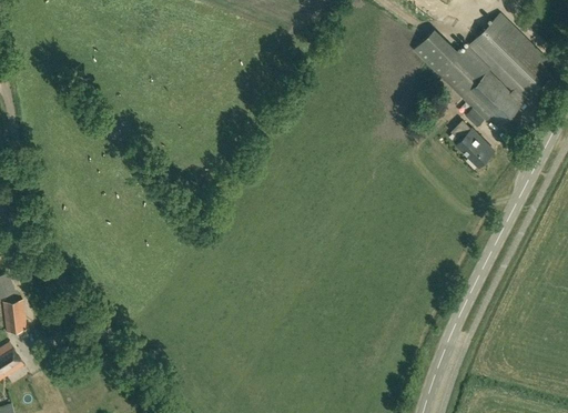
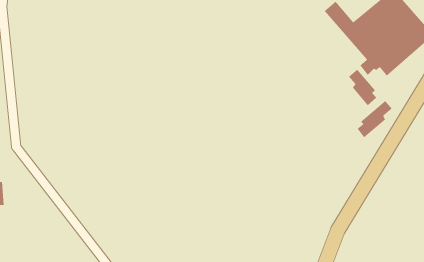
building: none -> [357,100,393,138]

